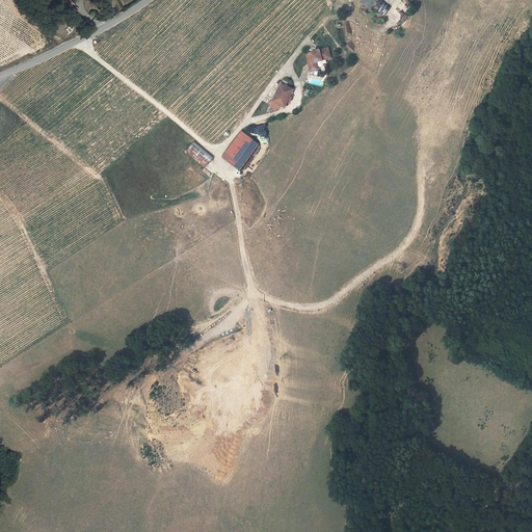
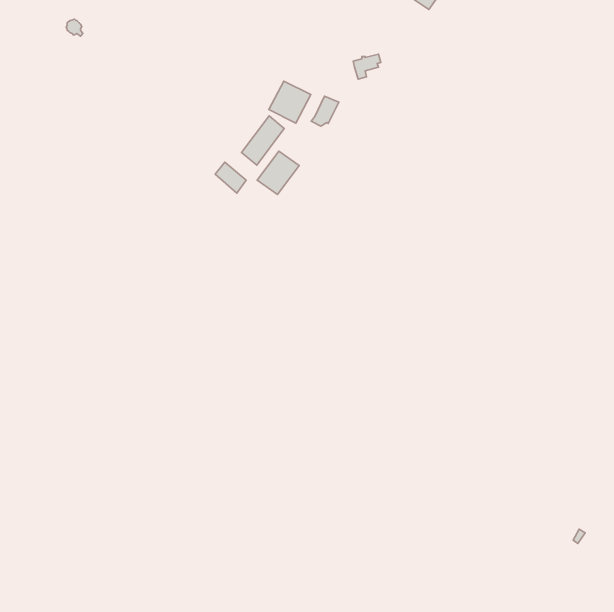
building: none -> [269,81,311,123]
building: none -> [242,116,284,165]

